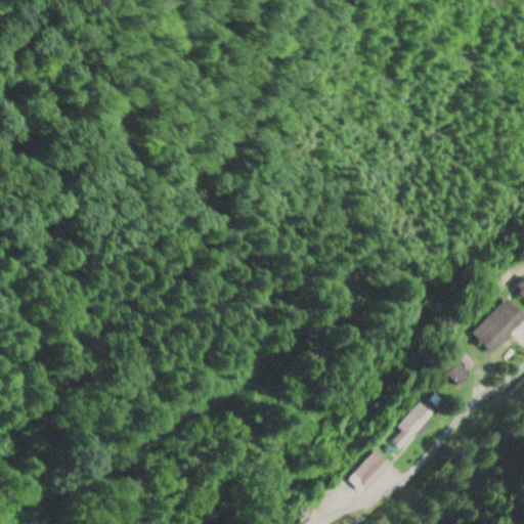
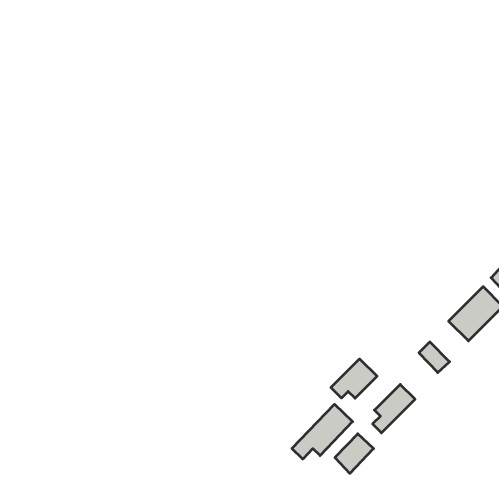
building: none -> [331,359,377,398]
building: none -> [292,404,353,459]

